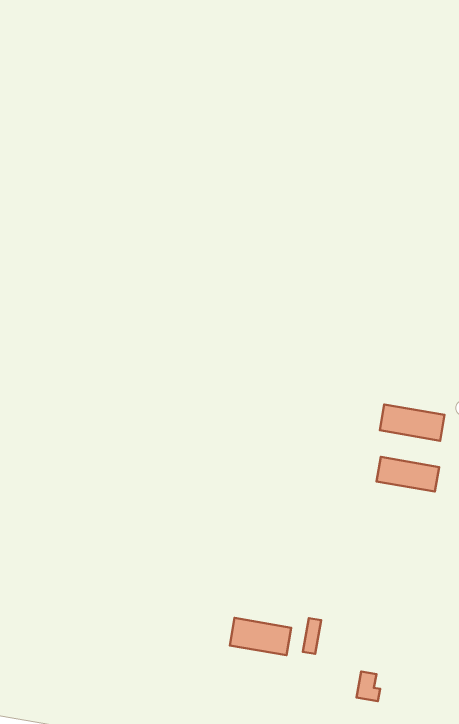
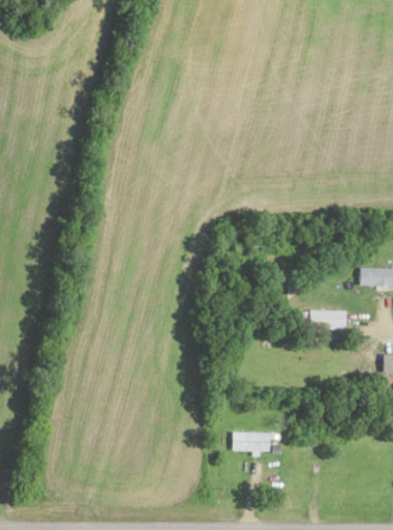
building: [380,404,445,441] -> none

